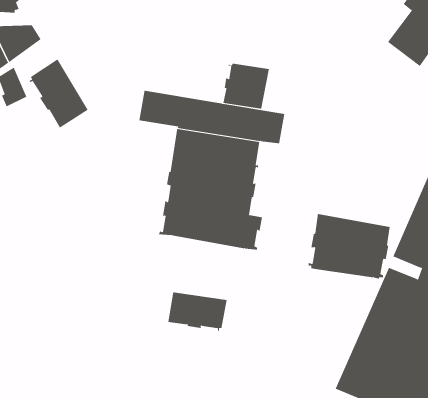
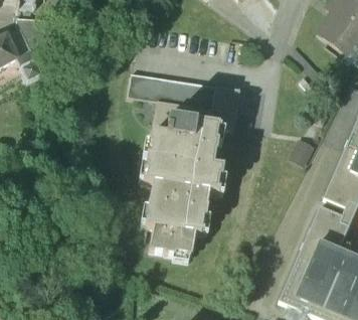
building: [29,59,89,129] -> none
building: [223,63,270,109] -> none
building: [308,214,390,279] -> [145,181,208,231]

